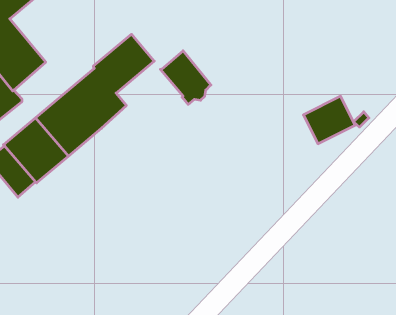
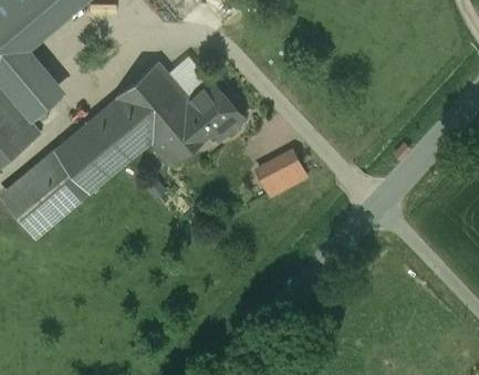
building: none -> [139,92,211,164]
building: [303,96,355,144] -> [254,148,310,199]

